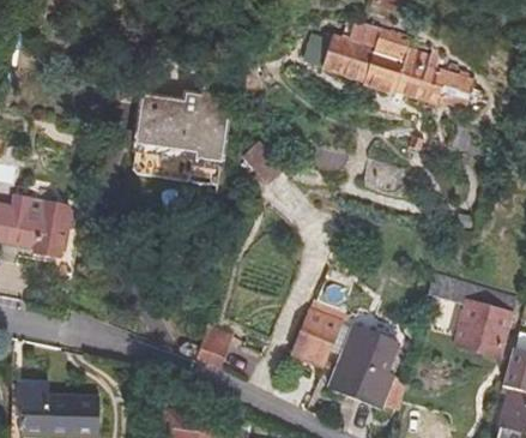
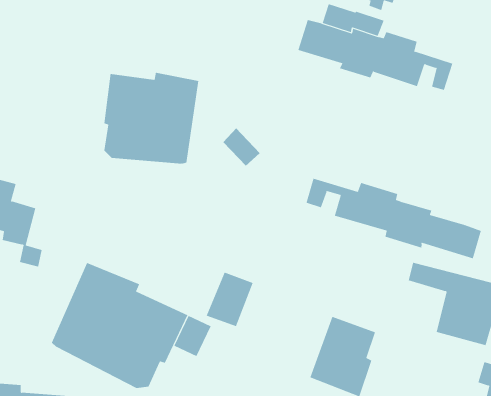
building: none -> [306,178,482,259]
building: none -> [51,262,188,389]
building: [292,310,339,364] -> [206,272,254,327]

